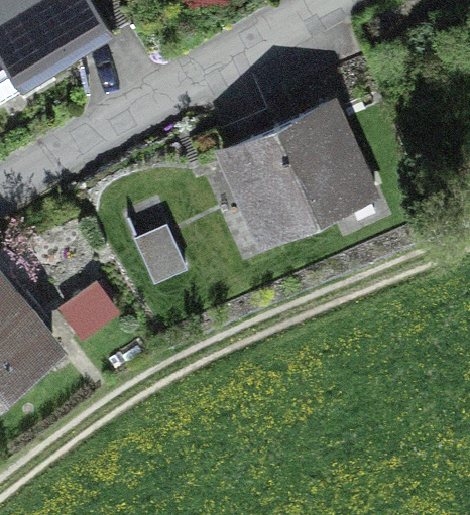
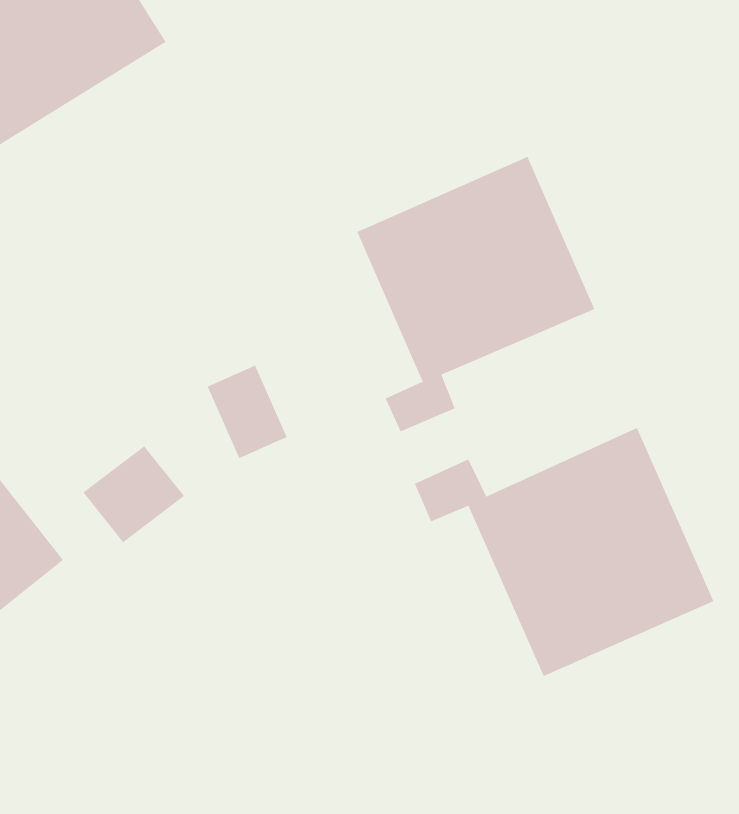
building: none -> [414,427,714,677]

